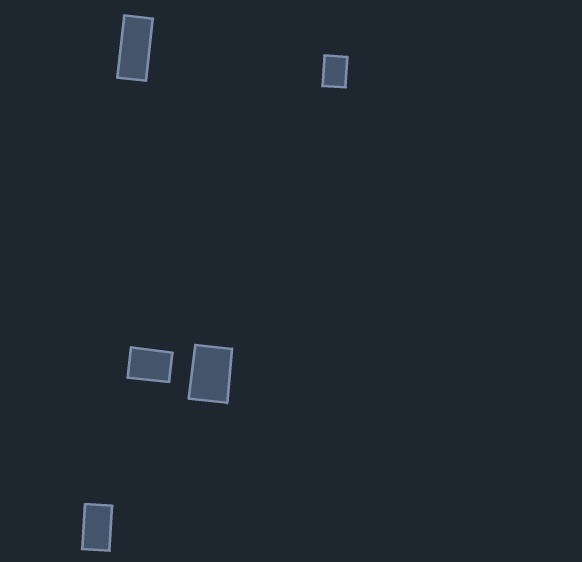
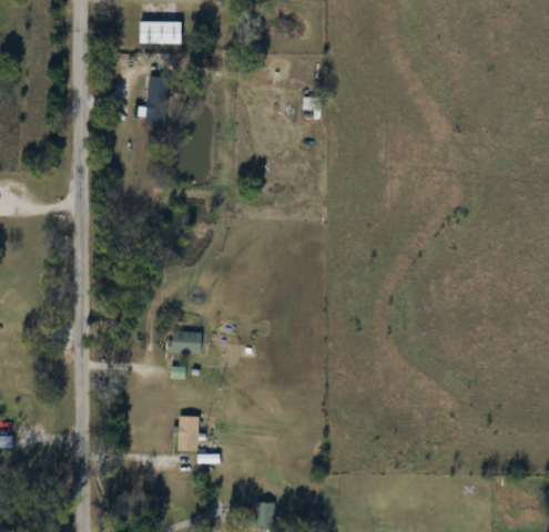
building: [189,345,232,403] -> none
building: [82,504,112,551] -> [177,416,199,450]

